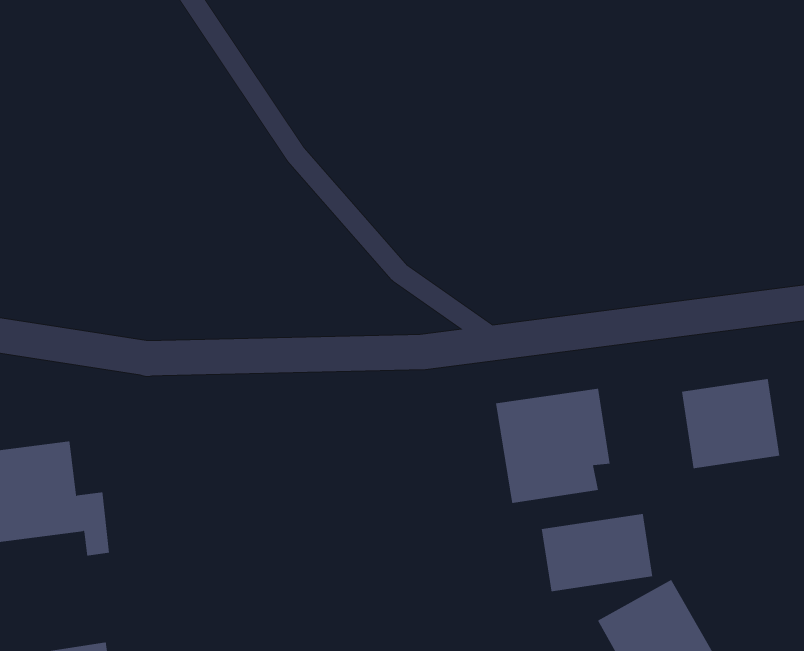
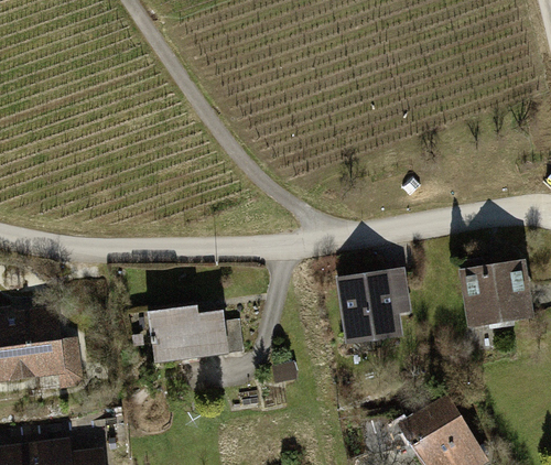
building: none -> [145,307,238,361]
building: [541,513,653,592] -> none

